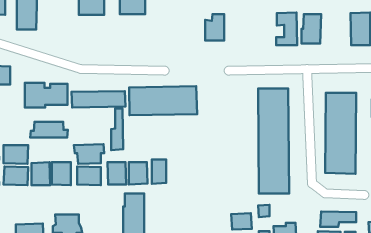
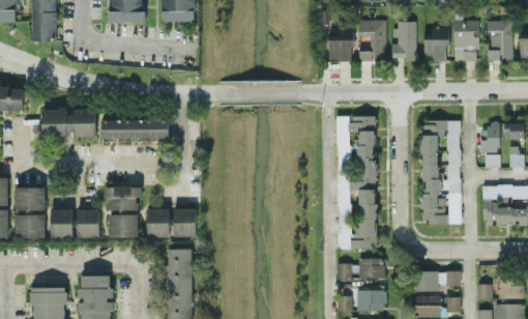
building: [205,14,224,40] -> [328,28,352,61]
building: none -> [423,28,448,60]
building: [129,86,197,115] -> none
building: [111,109,123,150] -> none
building: [30,122,68,138] -> none
building: [152,160,166,184] -> none
building: [231,213,252,230] -> [358,258,384,279]

